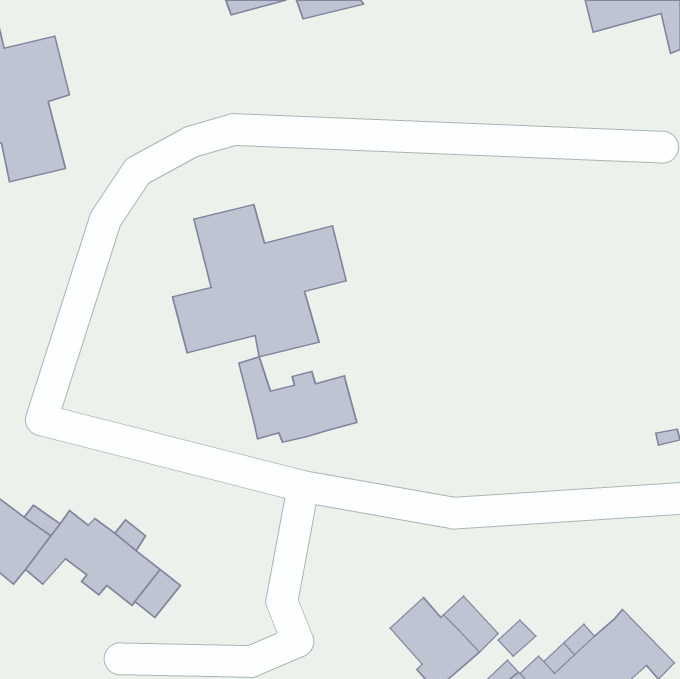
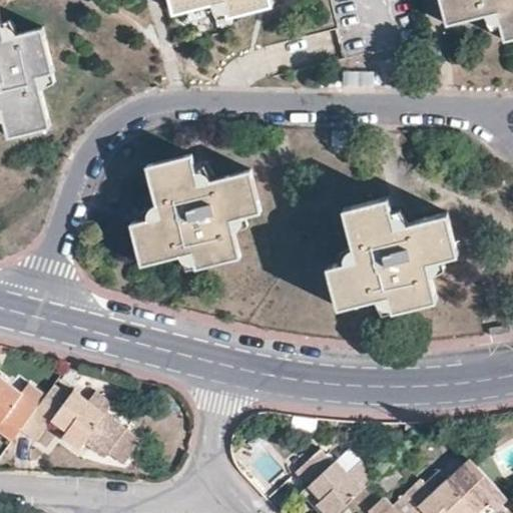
building: none -> [326,199,456,314]
building: [239,357,357,442] -> none

